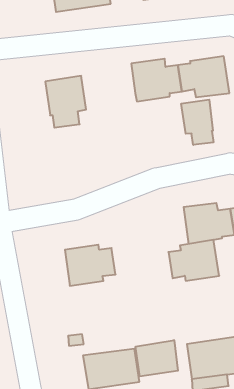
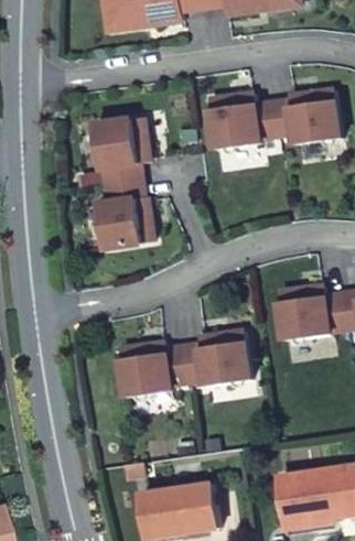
building: [181,100,213,145] -> none
building: none -> [97,181,153,248]
building: [168,240,219,281] -> [183,331,251,386]
building: [136,340,178,376] -> none

